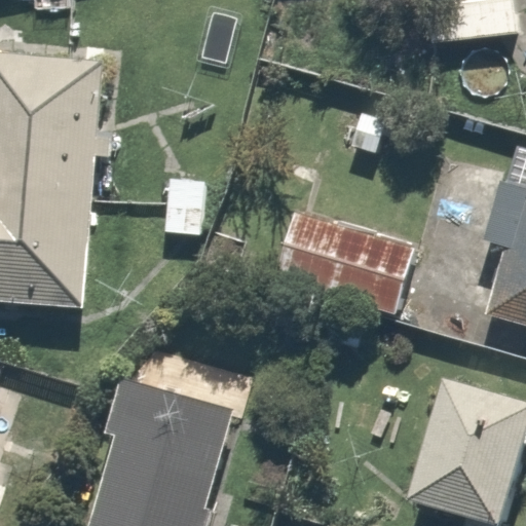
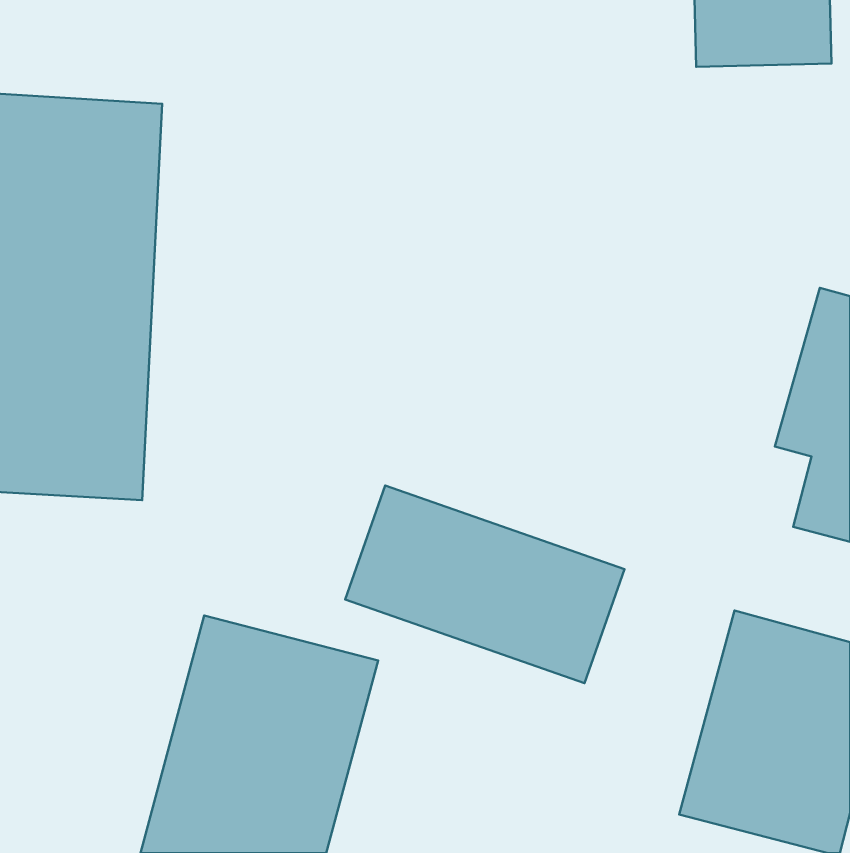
building: [276,208,448,329] -> [345,486,625,683]

